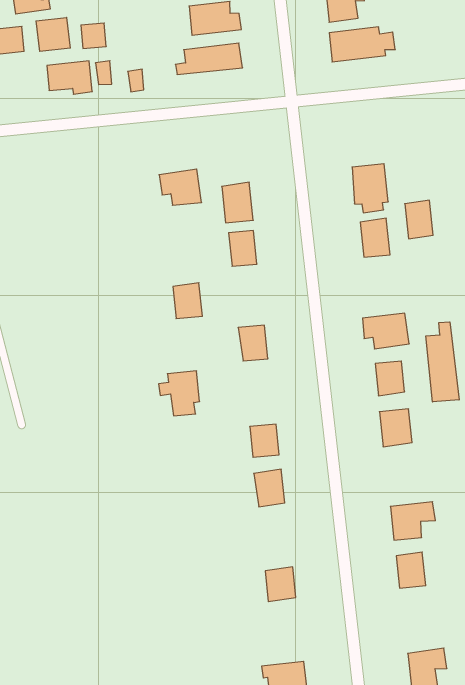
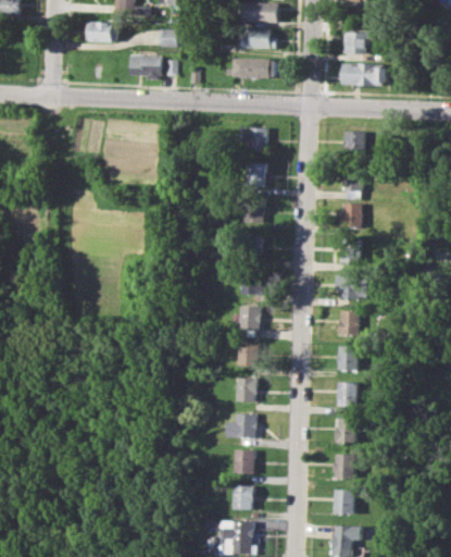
building: [36,17,70,51] -> none
building: none -> [343,132,366,157]
building: [159,169,202,205] -> [239,127,267,152]
building: [405,200,433,239] -> [341,239,361,265]
building: [173,283,202,319] -> [243,234,264,259]
building: [426,322,459,402] -> none
building: [159,371,200,416] -> [233,307,262,339]
building: none -> [335,381,355,406]
building: none -> [228,413,258,436]
building: none -> [333,490,352,512]
building: none -> [234,485,254,510]

